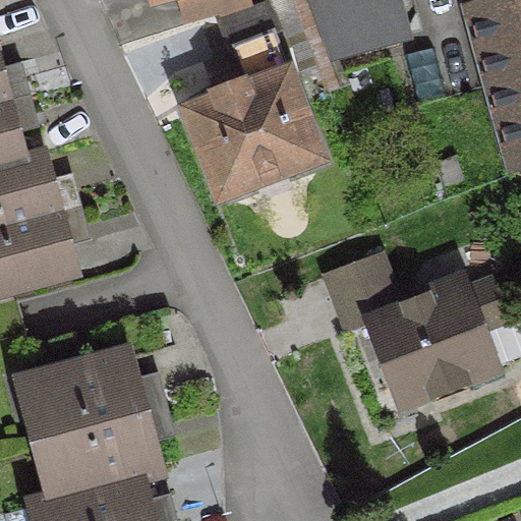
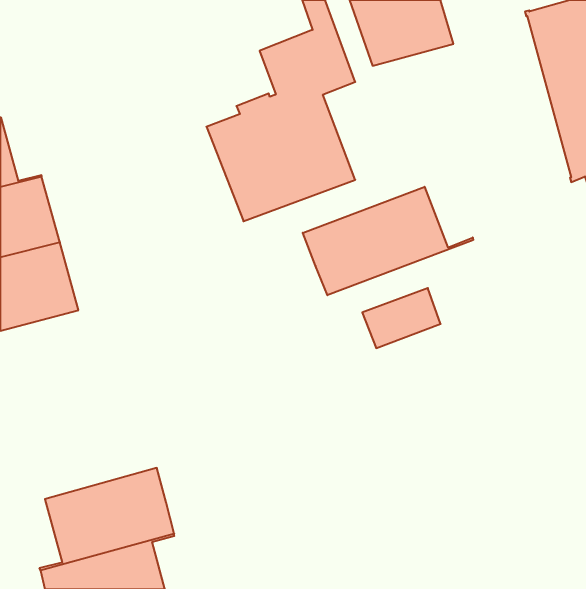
building: none -> [303,187,473,295]
building: [369,280,507,404] -> none
building: [26,353,141,441] -> none

